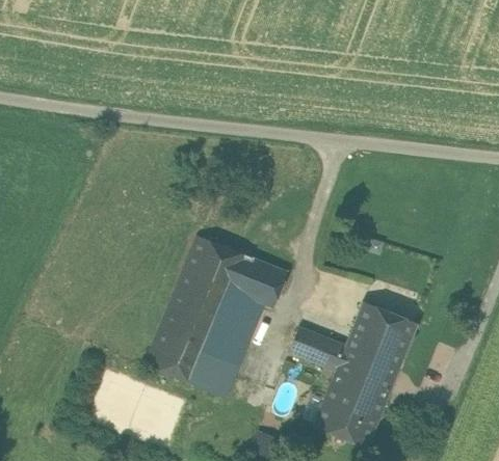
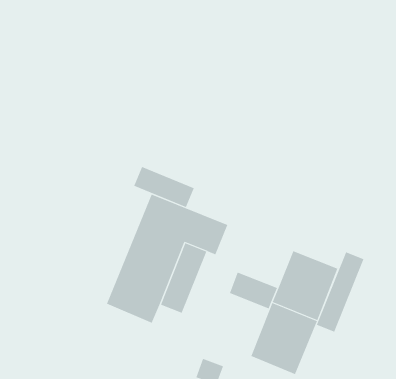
building: none -> [134,166,194,208]
building: none -> [316,251,364,333]
building: [199,365,234,398] -> none

